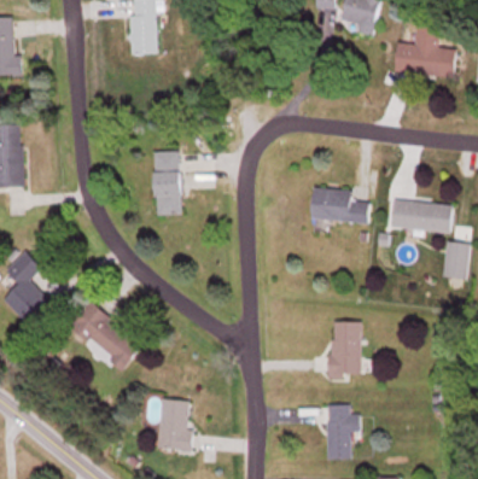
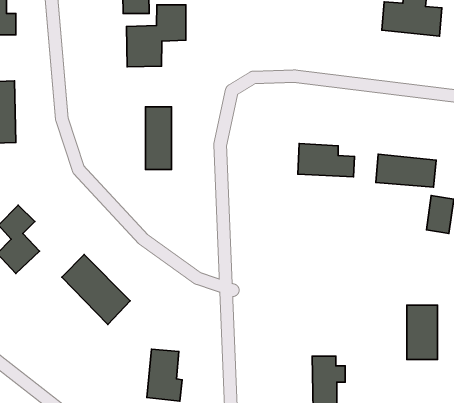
building: none -> [126,5,186,67]
building: [328,321,360,376] -> [407,305,437,359]

